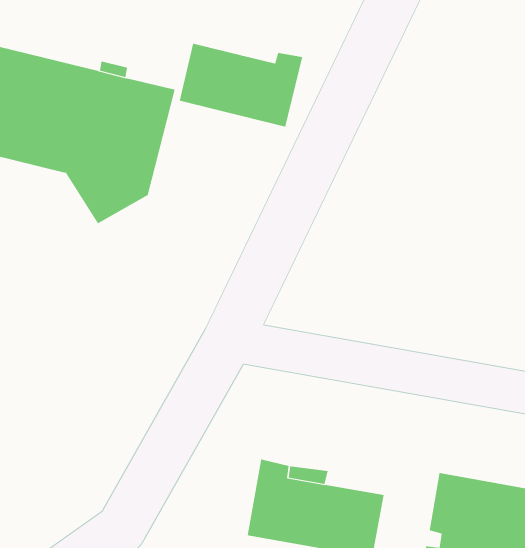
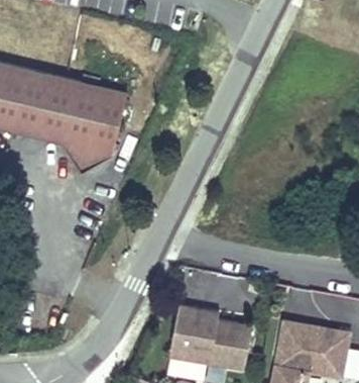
building: [179,43,303,127] -> none

